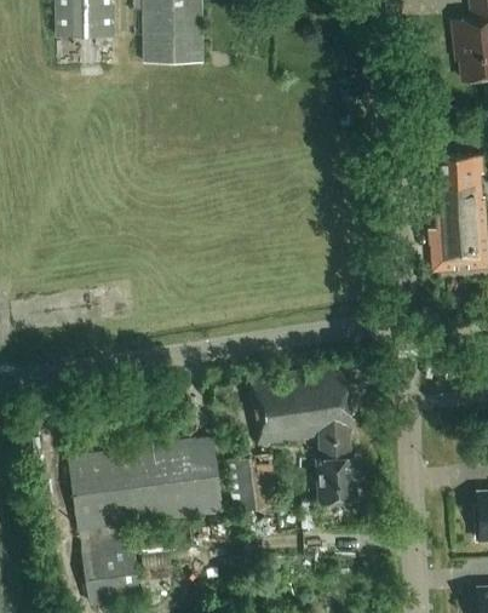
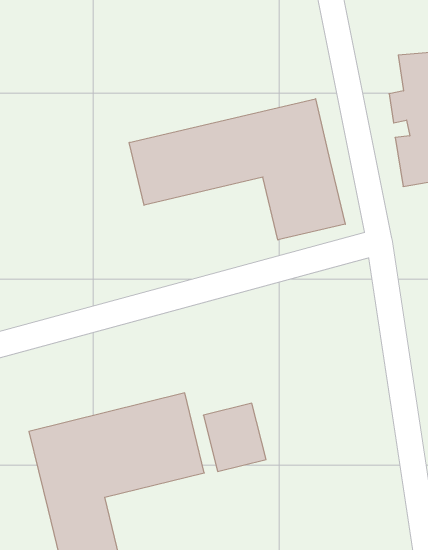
building: none -> [129,99,345,240]
building: [246,366,356,502] -> none

